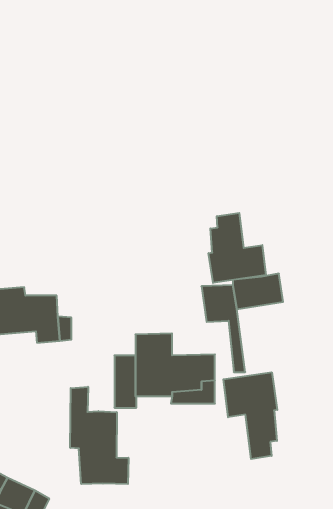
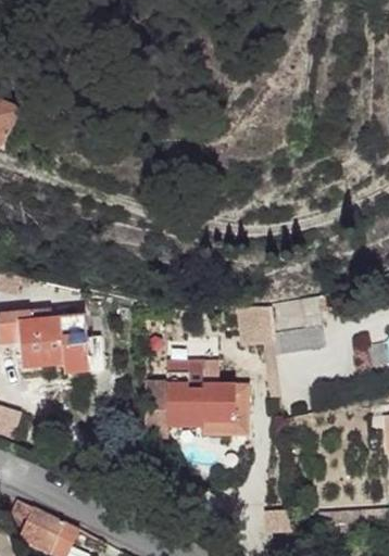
building: [209,213,266,283] -> none
building: [223,372,277,459] -> none
building: [70,387,128,484] -> none

